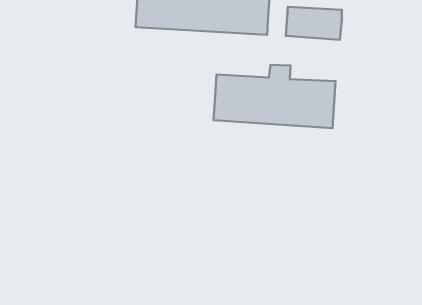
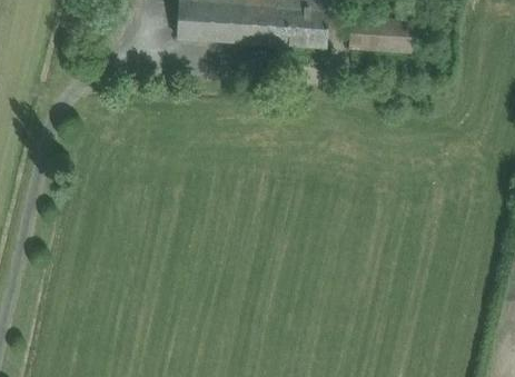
building: [214,65,335,128] -> none

